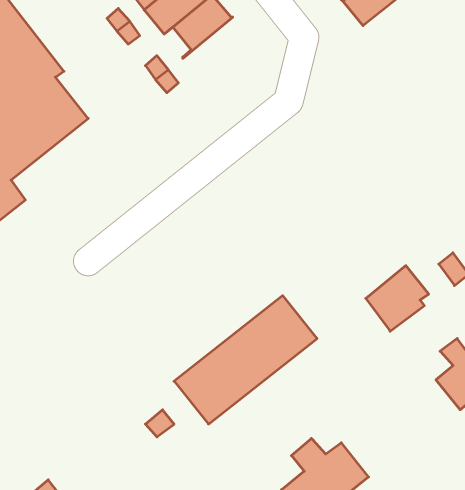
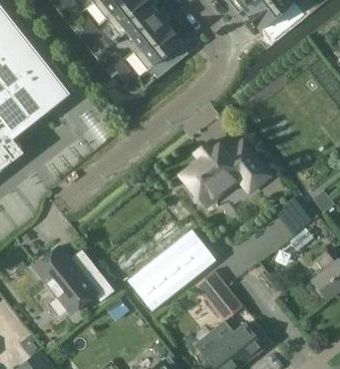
building: none -> [132,24,182,70]
building: none -> [184,146,272,202]
building: none -> [33,246,112,313]
building: none -> [195,270,242,321]

